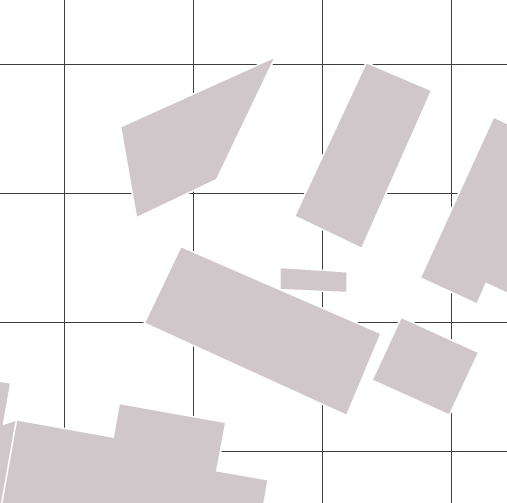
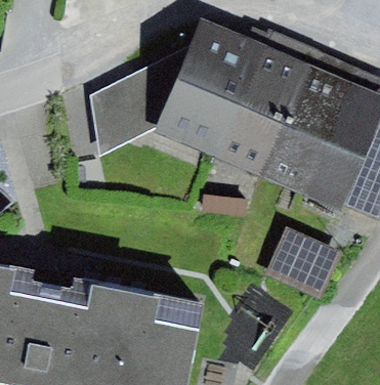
building: none -> [159,20,263,153]
building: none -> [260,65,352,196]
building: [144,246,381,415] -> none

